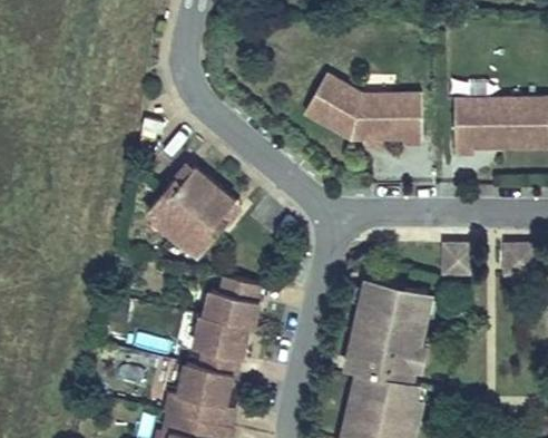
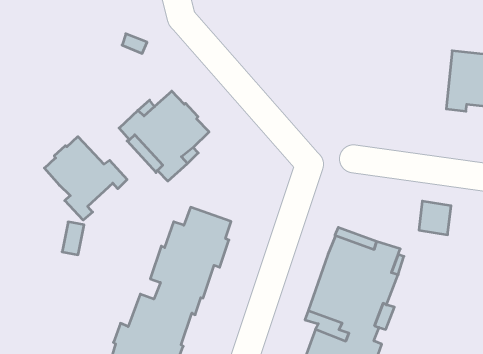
building: [303,72,420,143] -> none
building: none -> [44,137,127,220]

